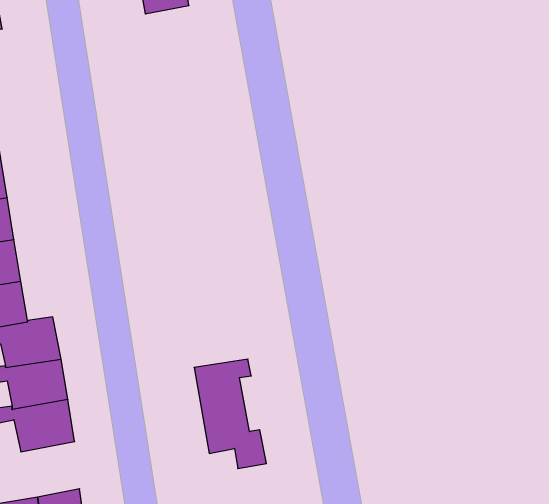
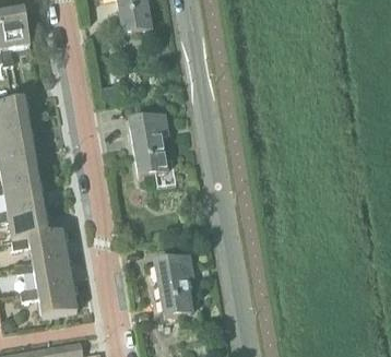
building: none -> [129,114,167,176]

